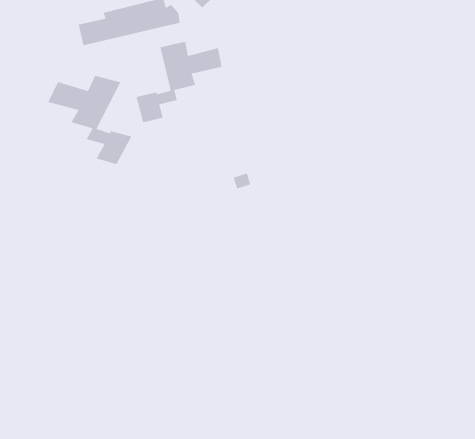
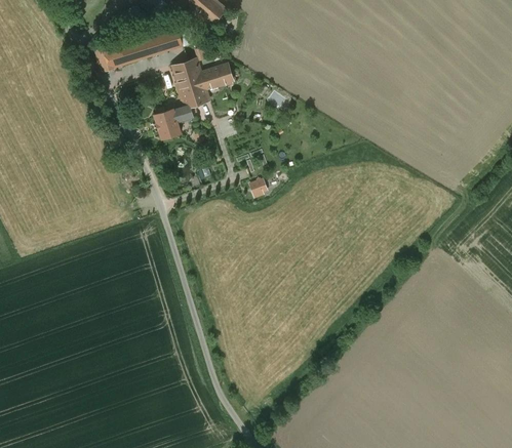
building: [47,75,132,165] -> none

